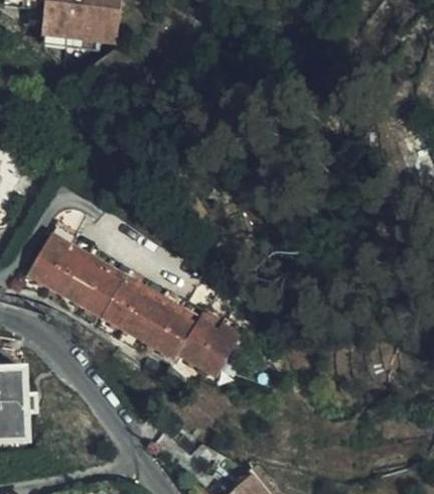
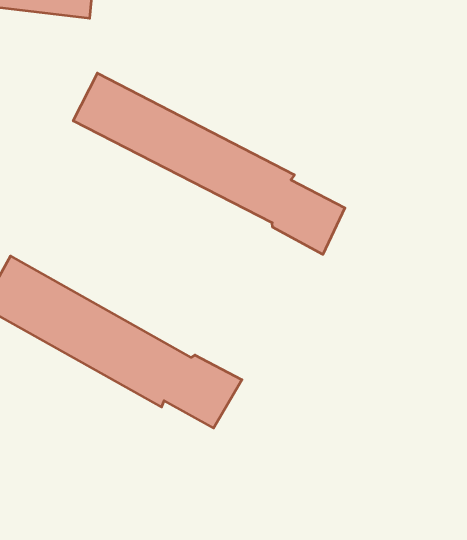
building: none -> [73,73,345,254]

